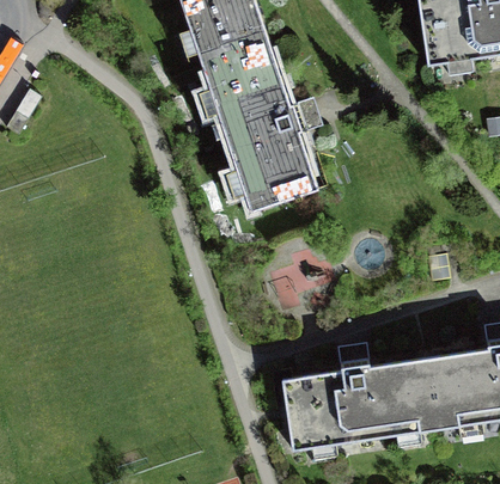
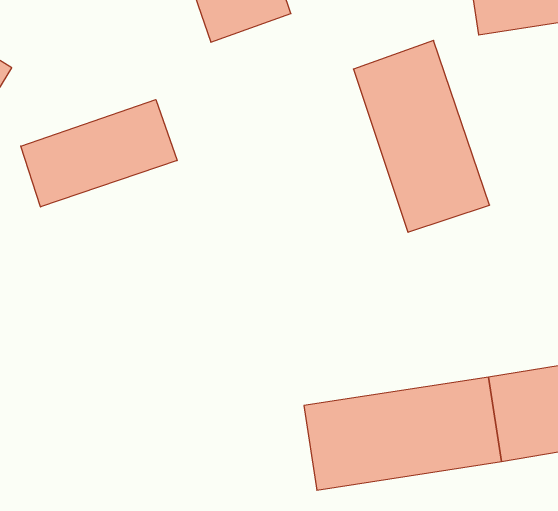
building: [206,50,319,210] -> [353,40,490,232]
building: none -> [21,100,177,207]

